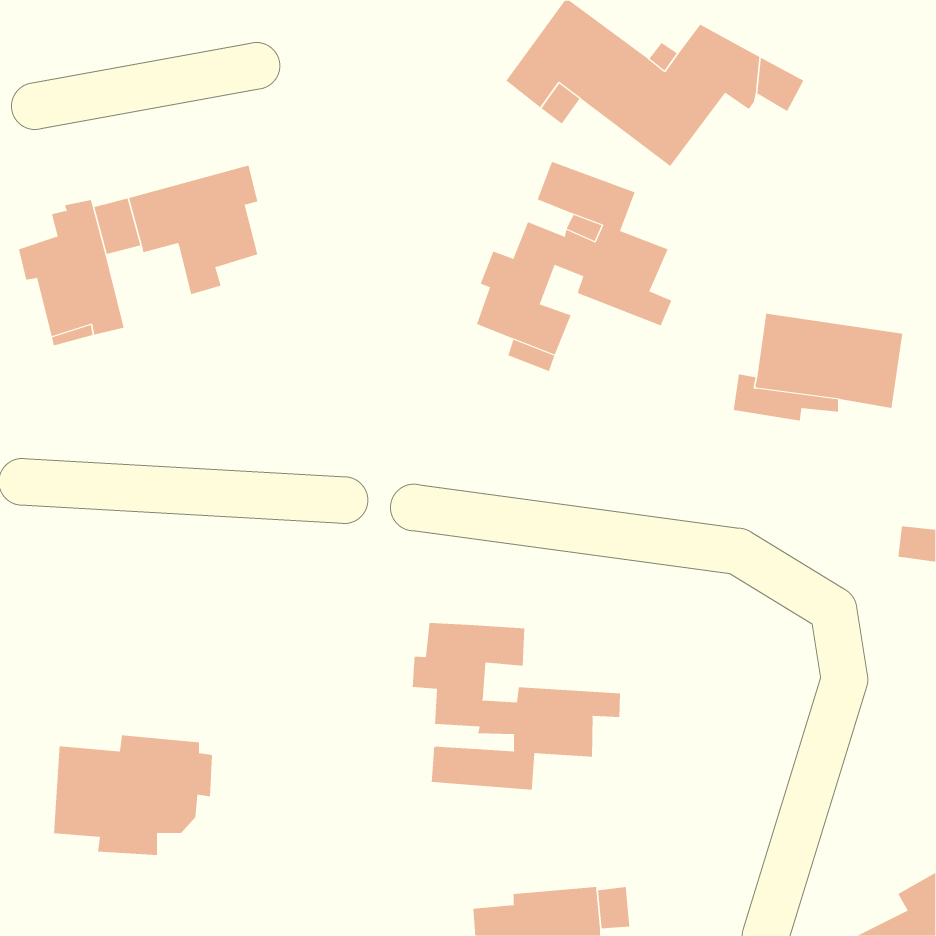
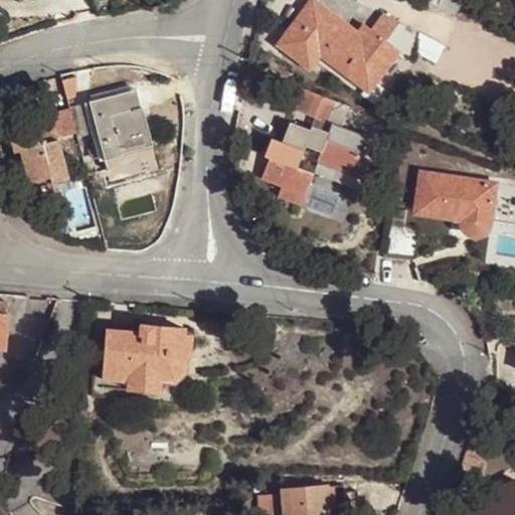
building: none -> [105,111,152,172]
building: [412,622,621,790] -> none
building: [53,735,213,856] -> [104,325,191,391]

